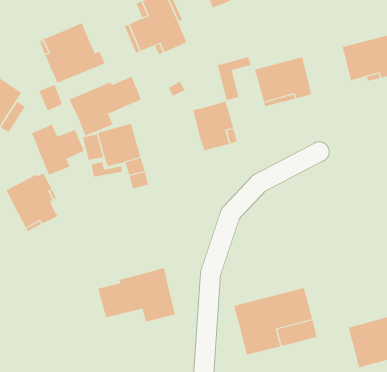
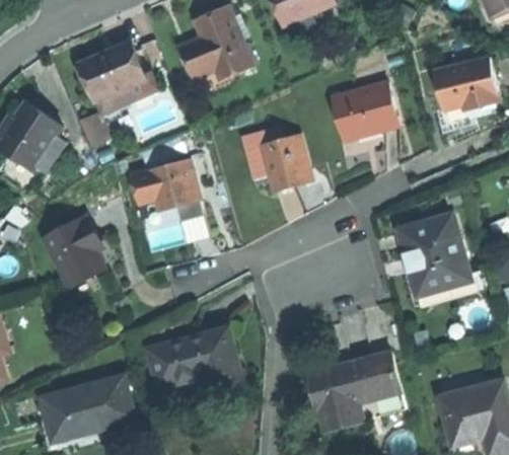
building: [217,56,251,101] -> [240,128,281,179]
building: [69,76,142,136] -> none
building: [31,124,85,175] -> none
building: none -> [398,214,469,294]
building: none -> [42,377,133,439]

